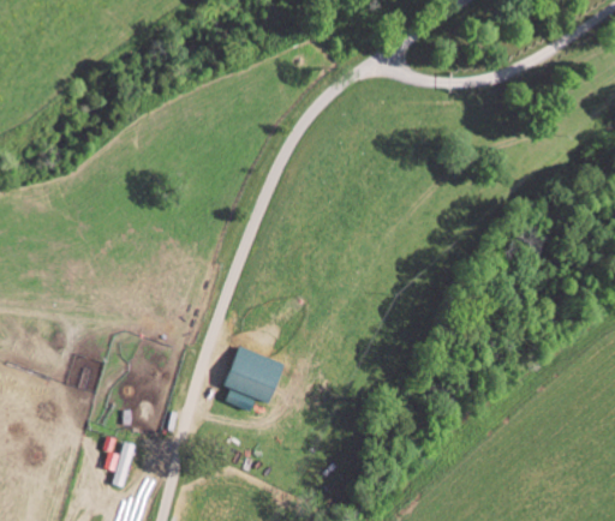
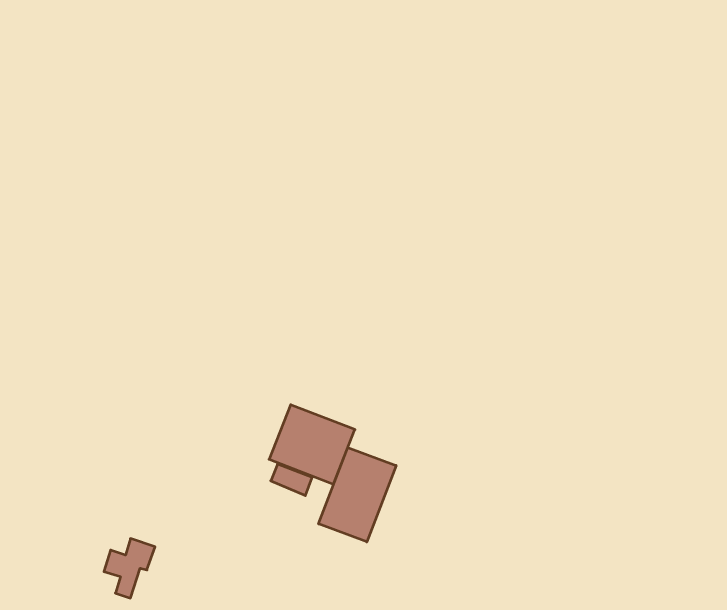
building: none -> [319,447,396,542]

